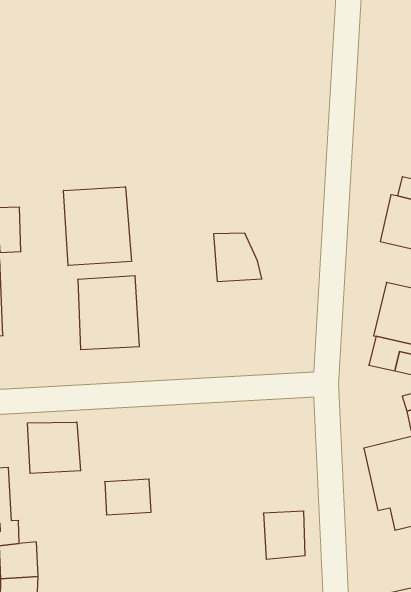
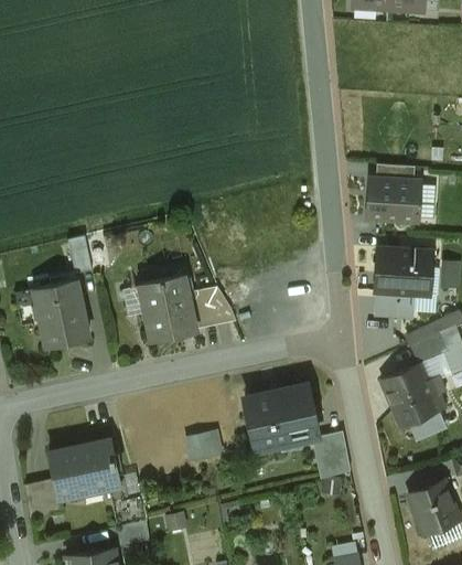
building: [64,187,131,266] -> none
building: [214,233,262,281] -> [193,287,236,328]
building: [28,422,81,473] -> none
building: none -> [245,384,318,449]

